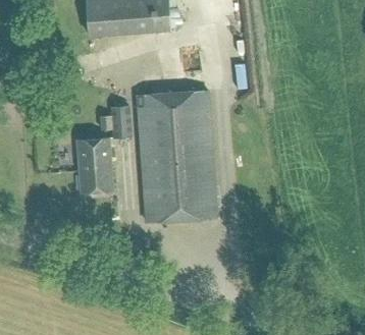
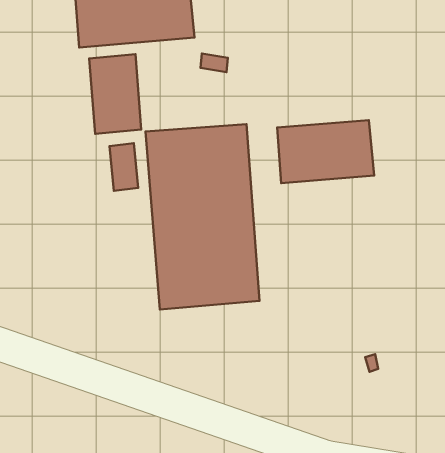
building: none -> [277,120,374,183]
building: [76,137,113,193] -> [89,54,141,134]

